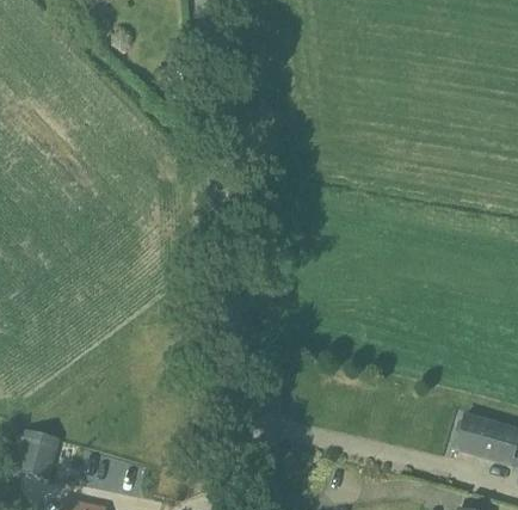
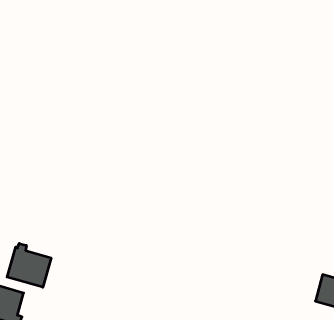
building: none -> [7,243,51,287]

